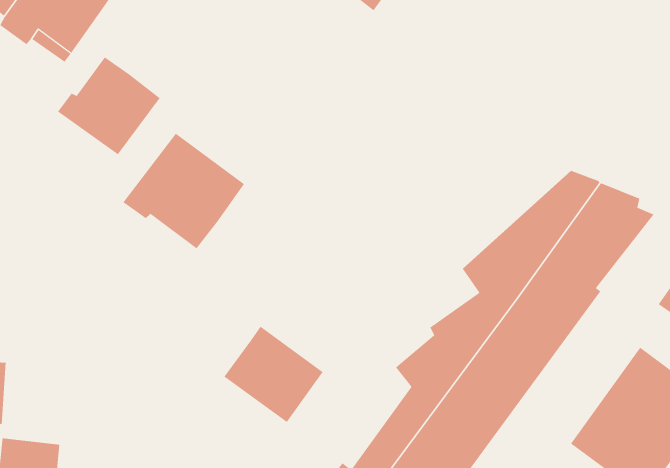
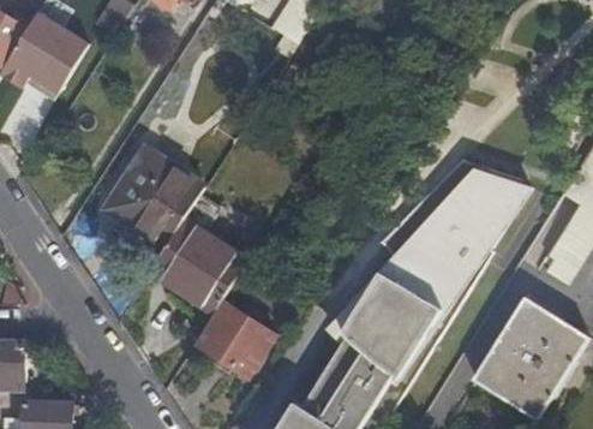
building: [57,56,160,155] -> none
building: none -> [154,220,248,312]

